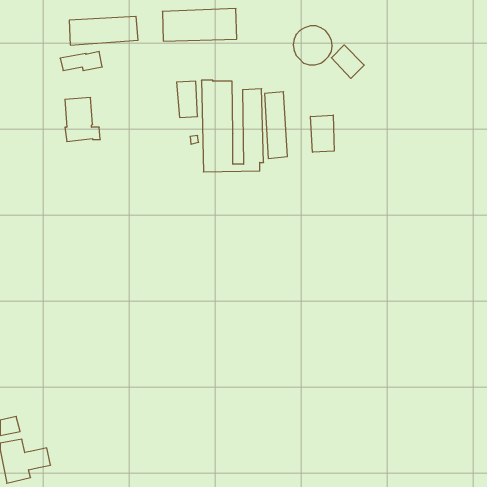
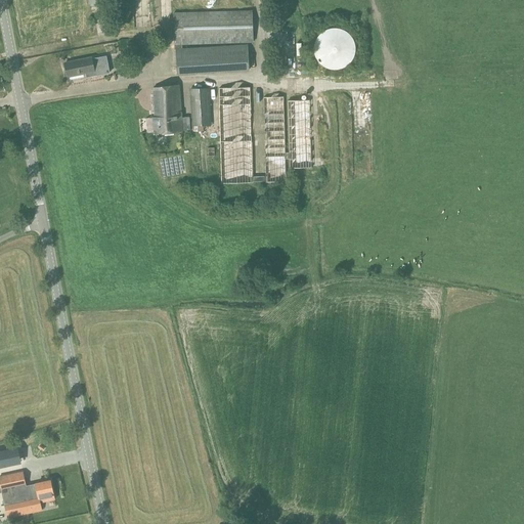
building: [69,16,138,45] -> [177,44,251,75]
building: [331,45,364,78] -> none
building: [65,98,100,141] -> [154,85,191,132]
building: [311,115,334,152] -> none

